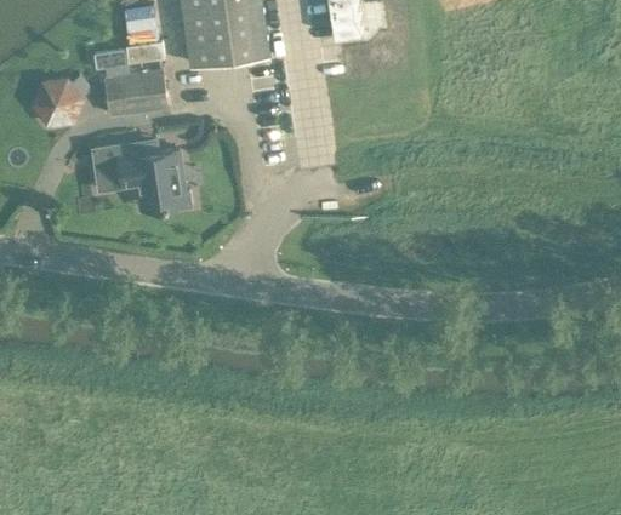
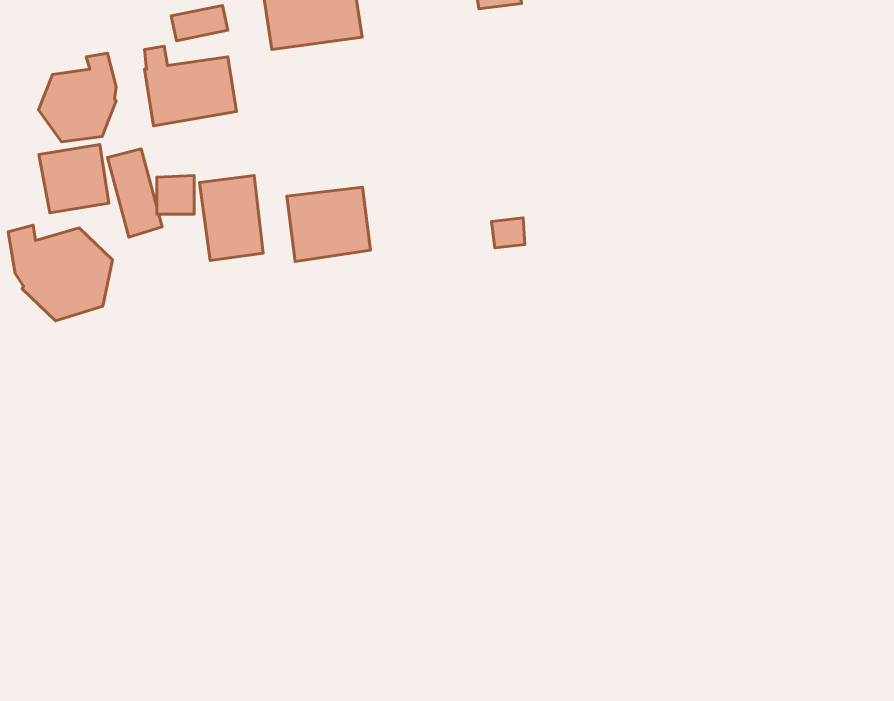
building: none -> [39,144,109,213]
building: none -> [287,187,370,261]
building: none -> [8,225,112,321]

